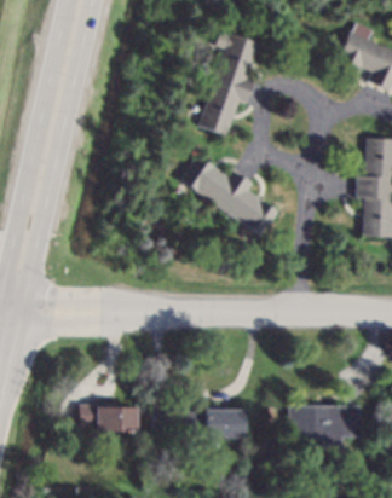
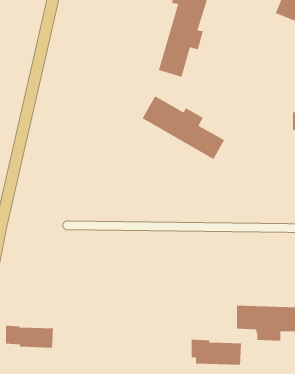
building: [81,403,139,430] -> [5,325,54,348]
building: [186,405,247,436] -> [191,339,242,365]

